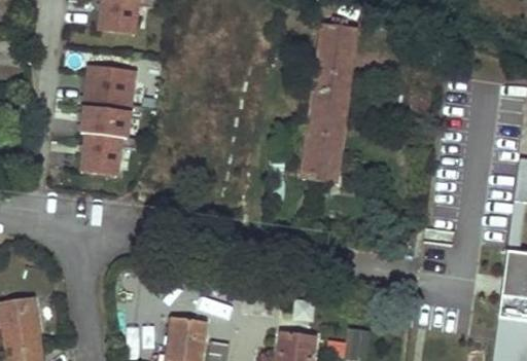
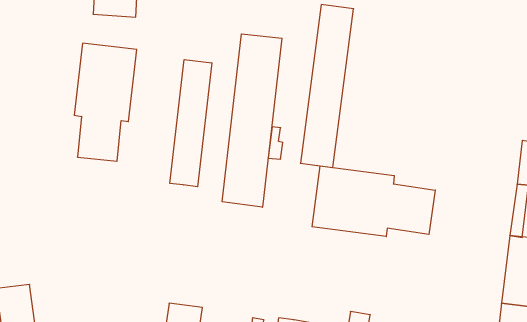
building: none -> [222,34,282,207]
building: none -> [170,60,212,187]
building: none -> [312,166,435,237]

